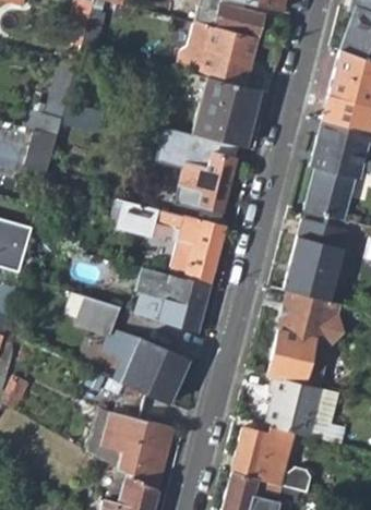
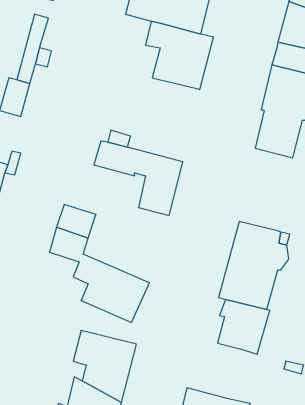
building: [163,129,240,211] -> none
building: [283,211,352,303] -> none
building: [137,268,210,333] -> none
building: [229,425,289,487] -> none

